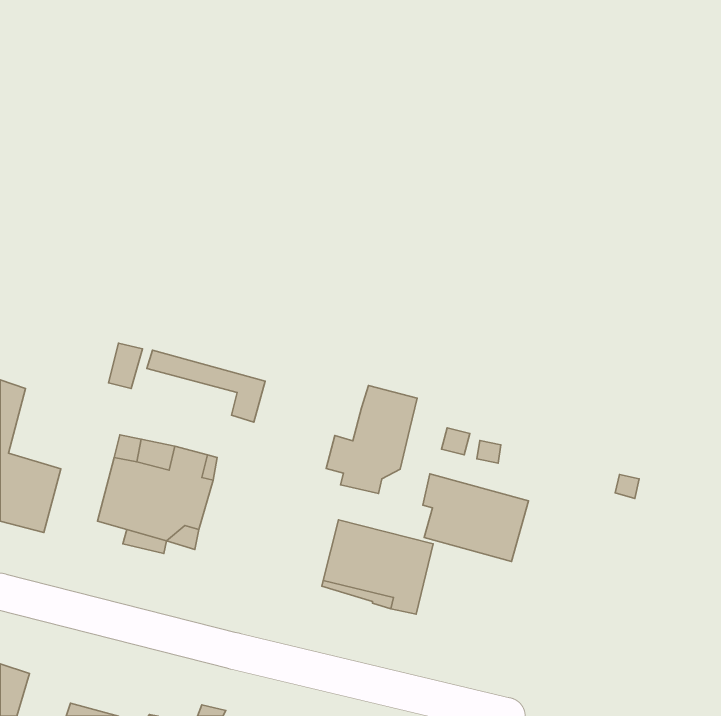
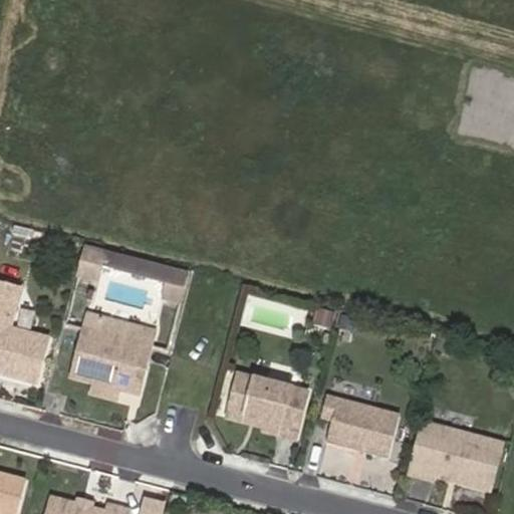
building: [326,386,417,493] -> none
building: [423,474,529,562] -> [324,397,400,459]
building: none -> [410,425,500,491]

